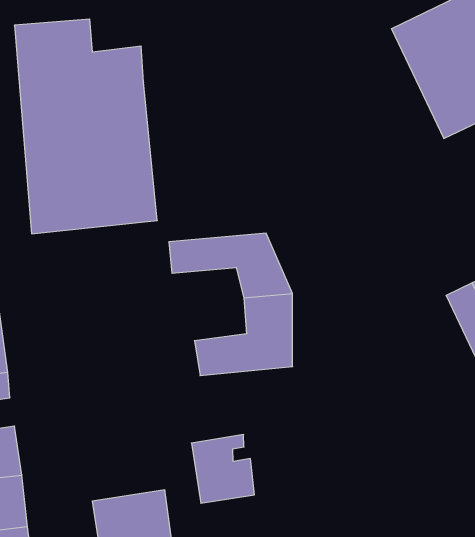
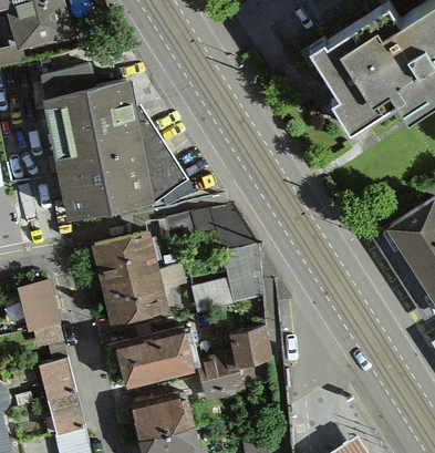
building: none -> [136,107,189,205]
building: none -> [89,229,169,326]
building: none -> [114,328,194,388]
building: none -> [227,326,273,371]

